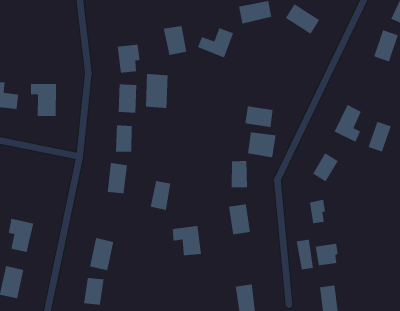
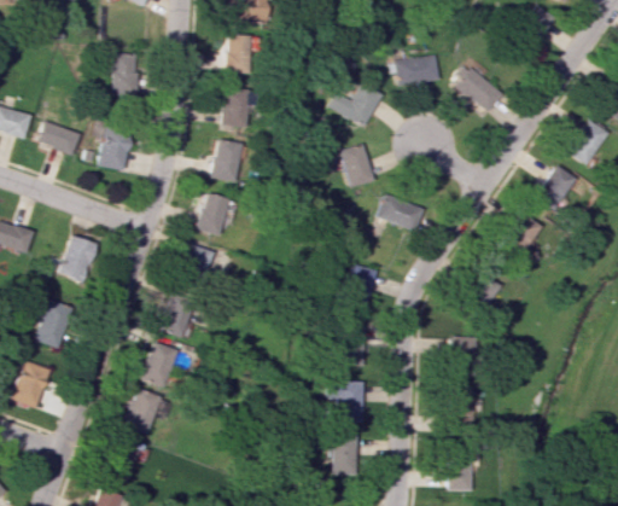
building: [163,25,187,56] -> [225,35,252,74]
building: none -> [113,53,139,97]
building: none -> [343,143,377,187]
building: [145,73,168,109] -> none
building: [367,121,392,152] -> [534,165,571,209]
building: [247,131,276,158] -> none
building: none -> [54,234,101,283]
building: [150,180,171,211] -> [162,293,196,337]
building: [172,225,202,256] -> [327,380,365,421]
building: [296,239,314,270] -> none

